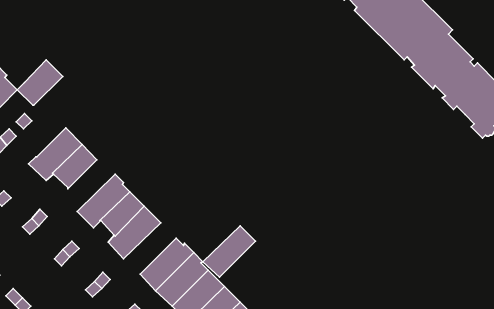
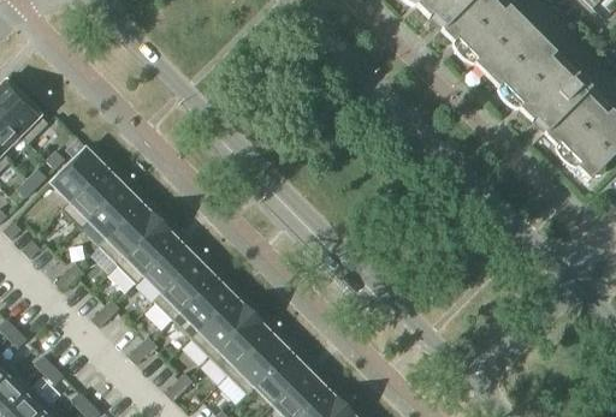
building: [17,60,63,105] -> [52,147,105,199]
building: none -> [99,203,162,263]
building: [203,226,256,277] -> [172,276,233,336]

